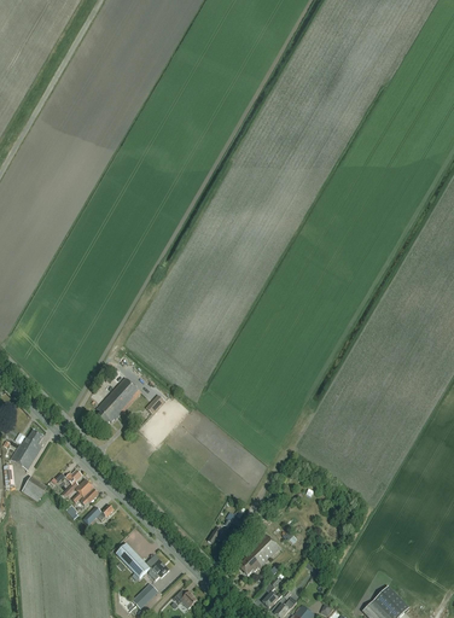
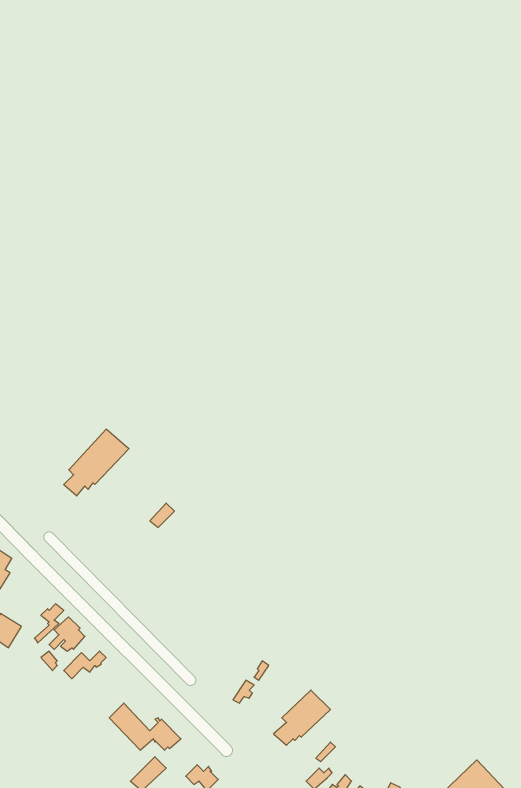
building: [92,378,140,427] -> [64,429,129,496]

